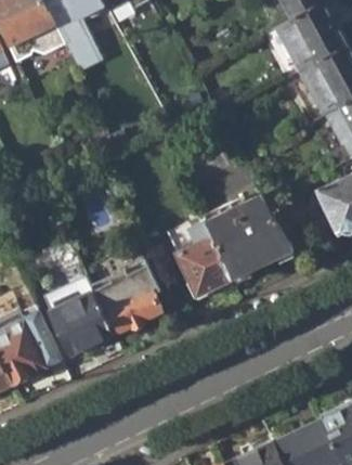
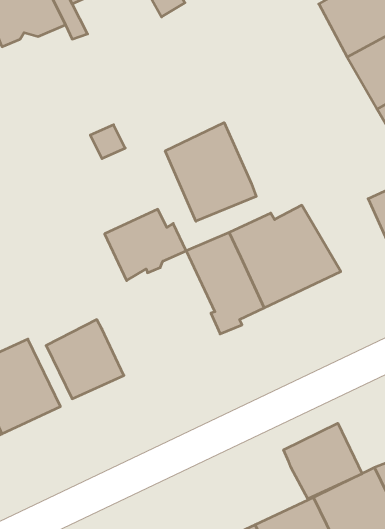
building: none -> [165,123,256,221]
building: [96,276,165,336] -> [105,209,186,281]
building: none -> [284,423,362,499]

